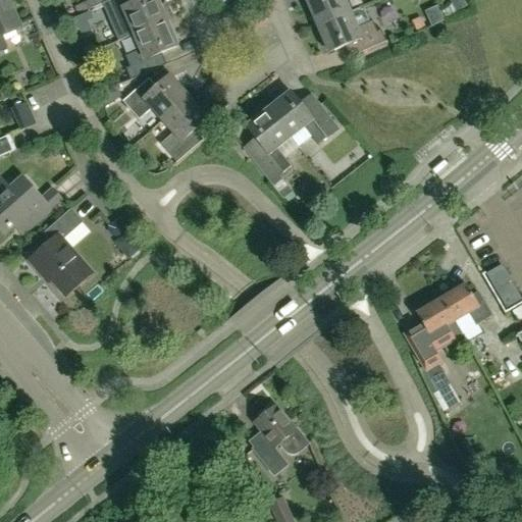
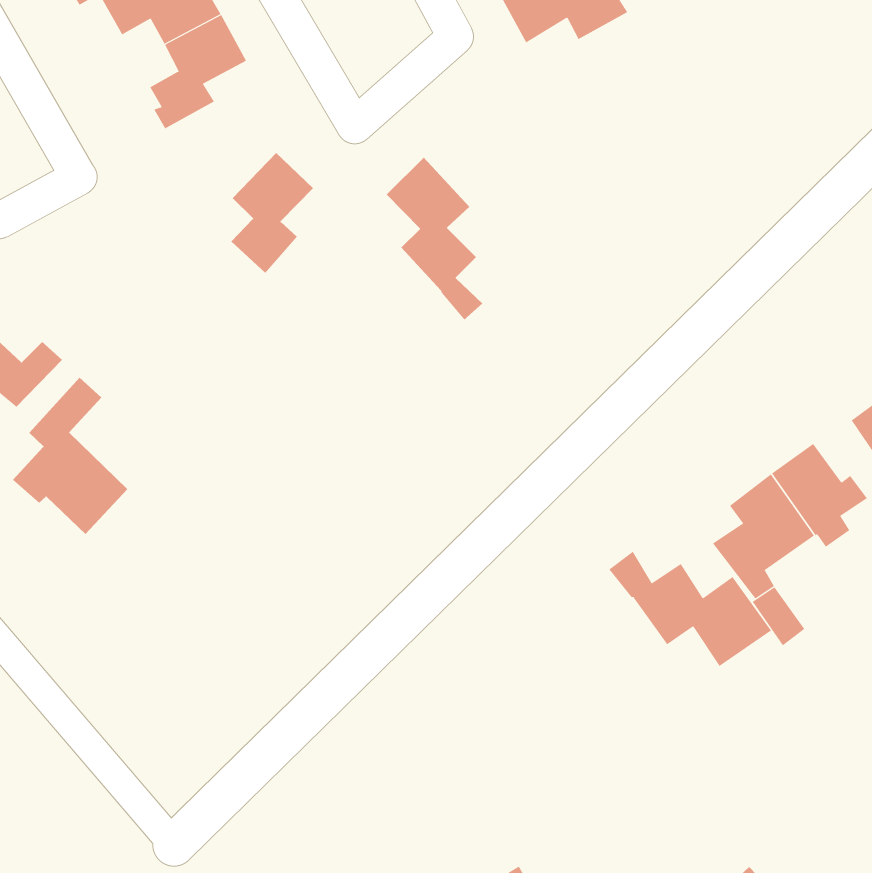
building: [122,75,189,119] -> none
building: [268,90,338,144] -> none
building: none -> [609,551,772,667]
building: [249,404,309,466] -> none

